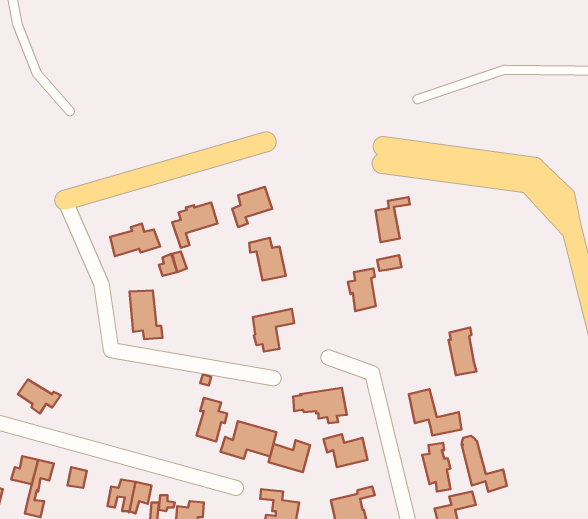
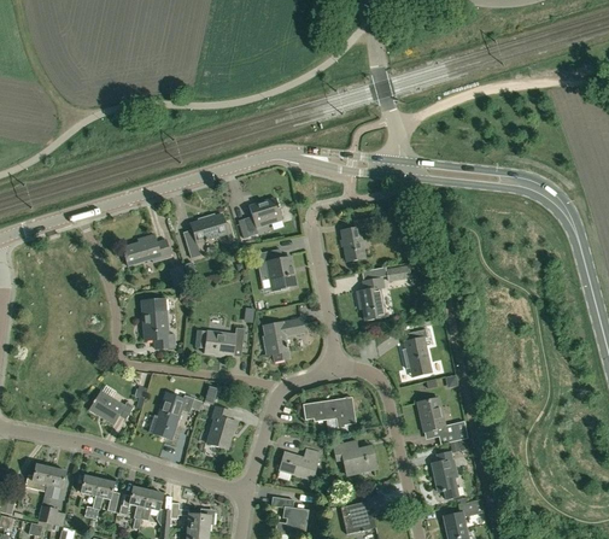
building: [376,197,410,242] -> [341,217,375,262]
building: none -> [195,328,245,356]
building: [448,328,476,375] -> [404,329,432,376]
building: [18,379,61,414] -> [90,392,133,426]
building: none -> [156,393,194,439]
building: [220,421,277,459] -> none
building: [461,436,507,492] -> none
building: none -> [89,479,119,520]

